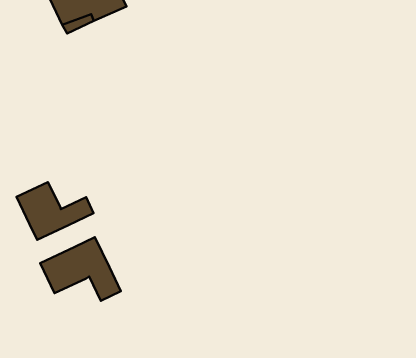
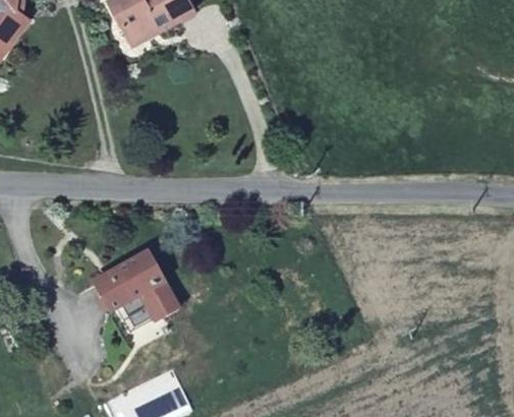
building: [16,182,94,240] -> none

